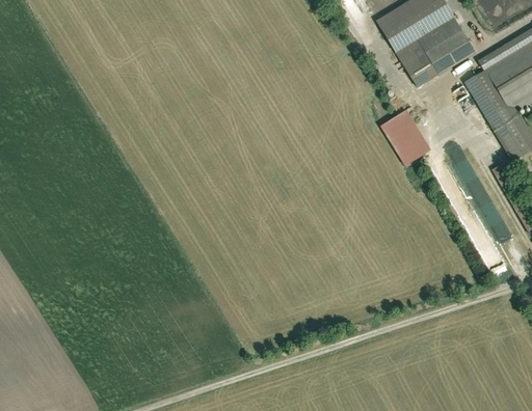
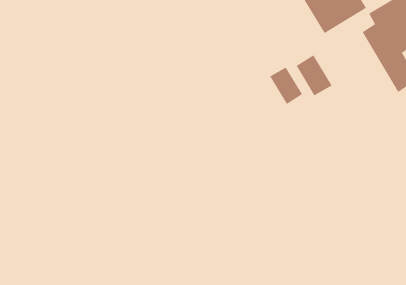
building: none -> [270,67,303,105]

